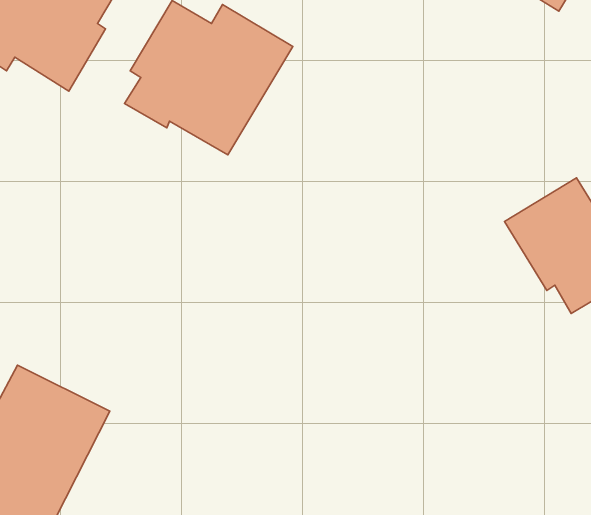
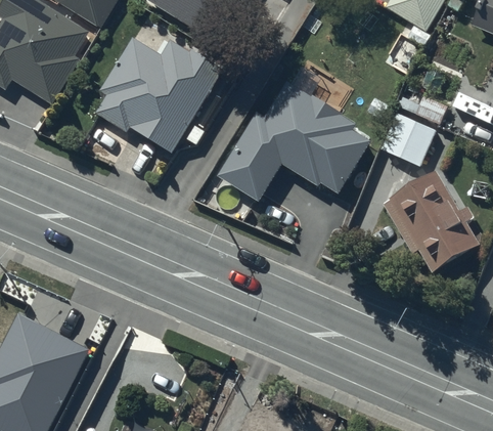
building: none -> [216,84,371,202]
building: none -> [383,113,436,165]

